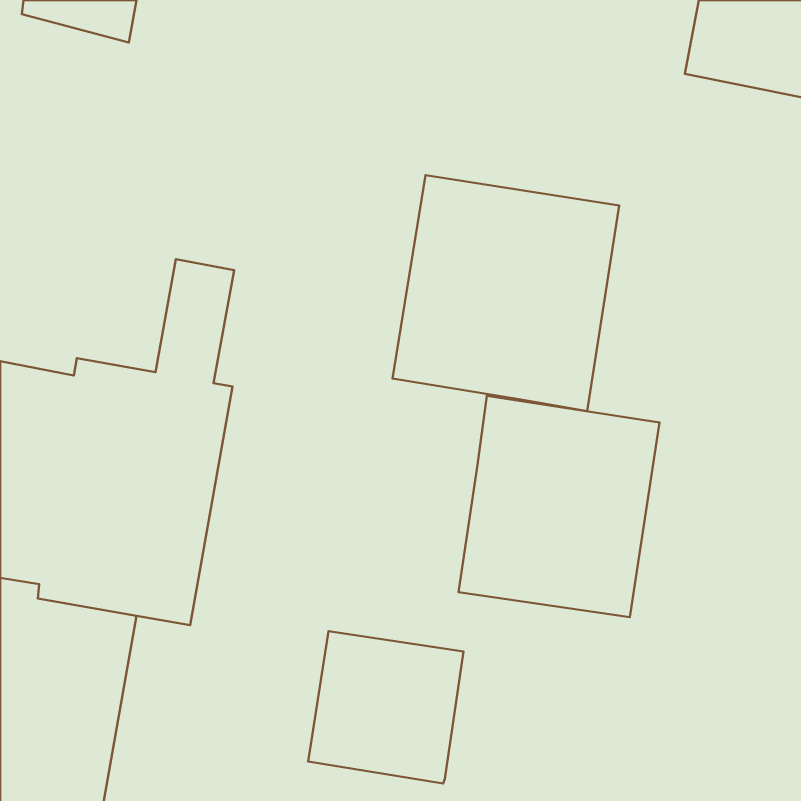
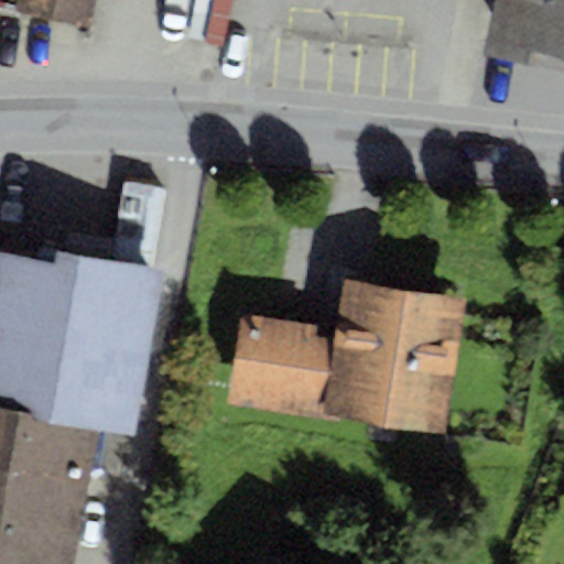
building: [393,175,619,411] -> none
building: [308,631,464,783] -> [227,313,336,420]

